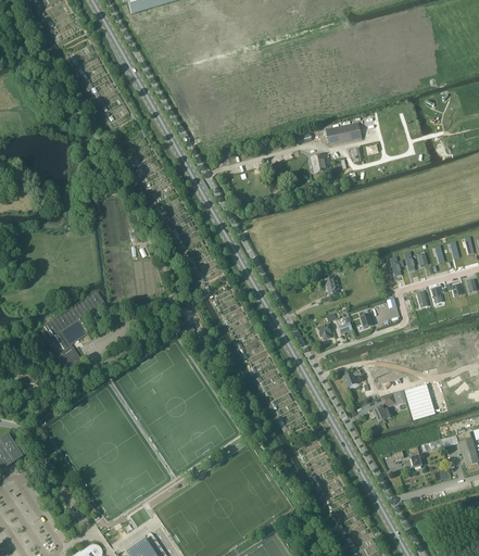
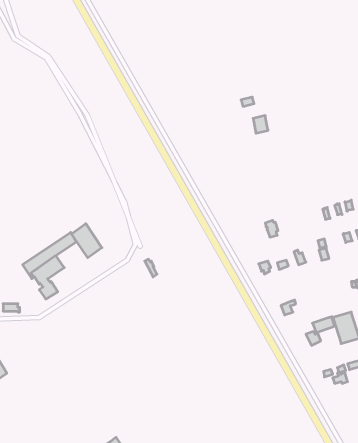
building: [325,122,361,146] -> none
building: none -> [71,224,102,258]

